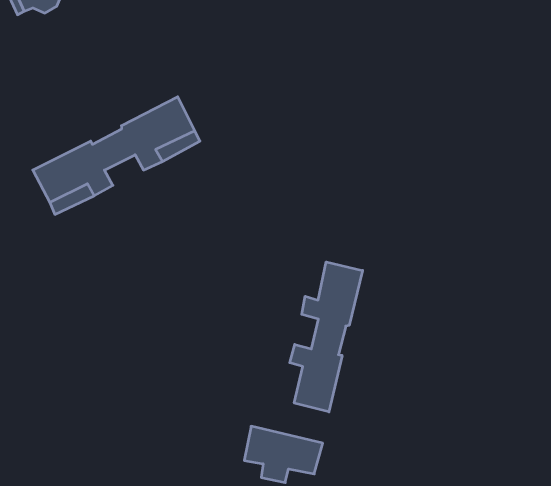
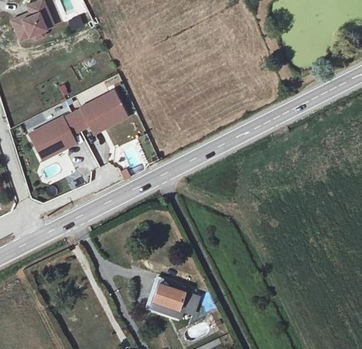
building: [290,262,363,412] -> none

